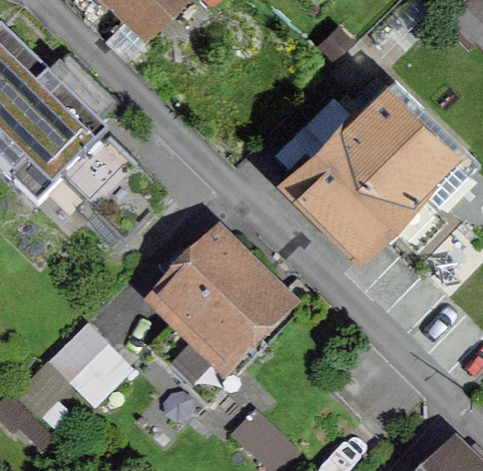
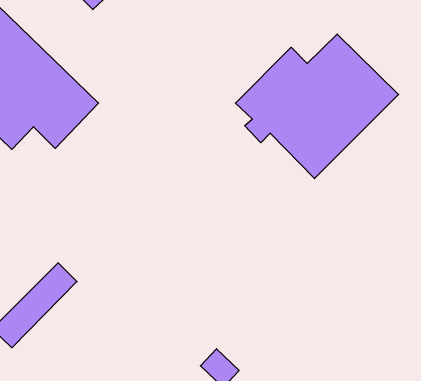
building: [156,249,288,408] -> none

